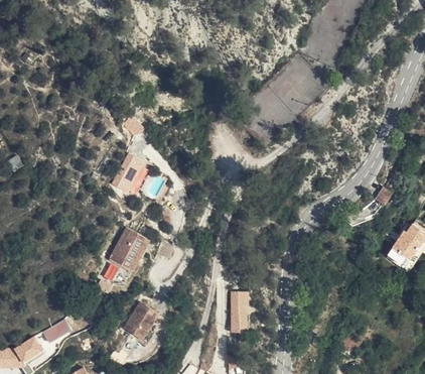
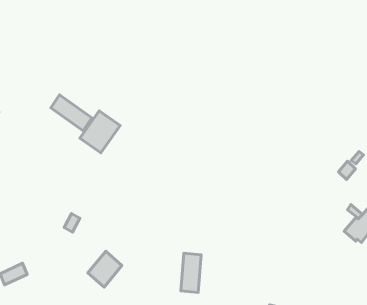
building: none -> [51,95,92,131]
building: [109,224,146,266] -> none

